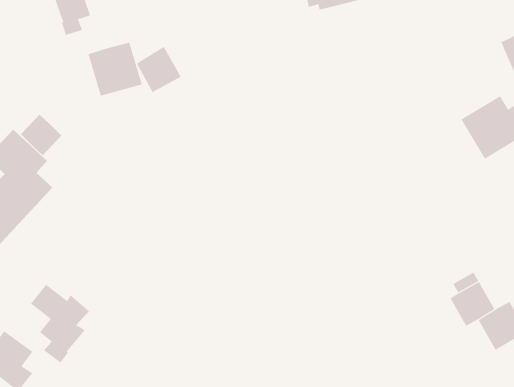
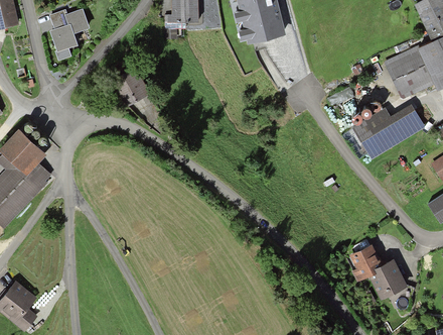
building: [88,42,142,97] -> none
building: [20,114,62,156] -> none
building: [30,284,90,363] -> none

